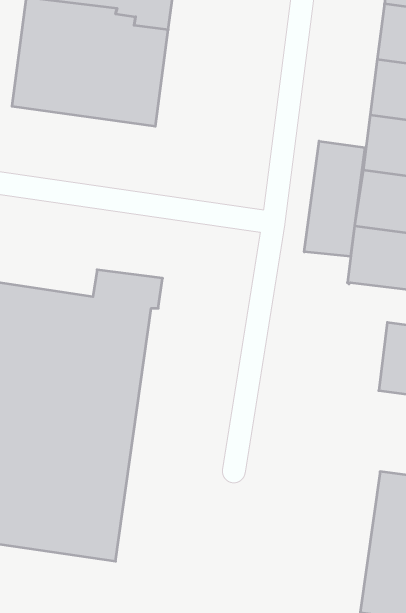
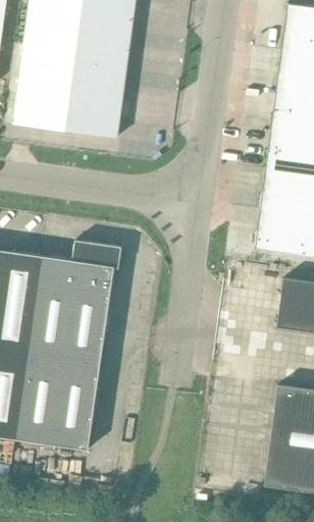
building: [304,141,365,257] -> none

